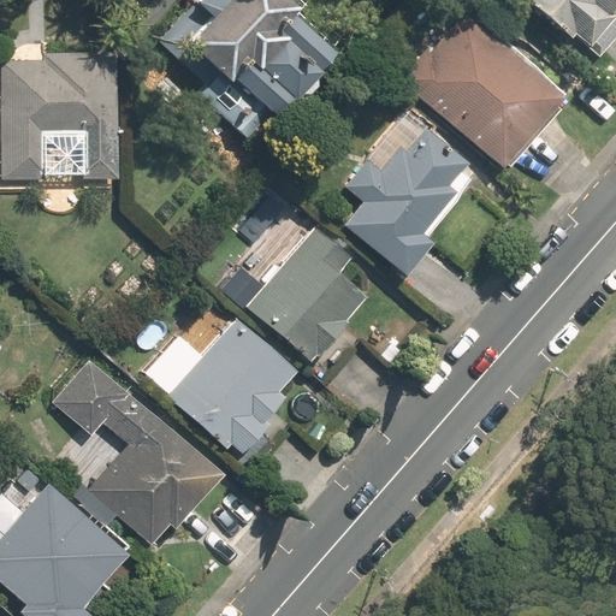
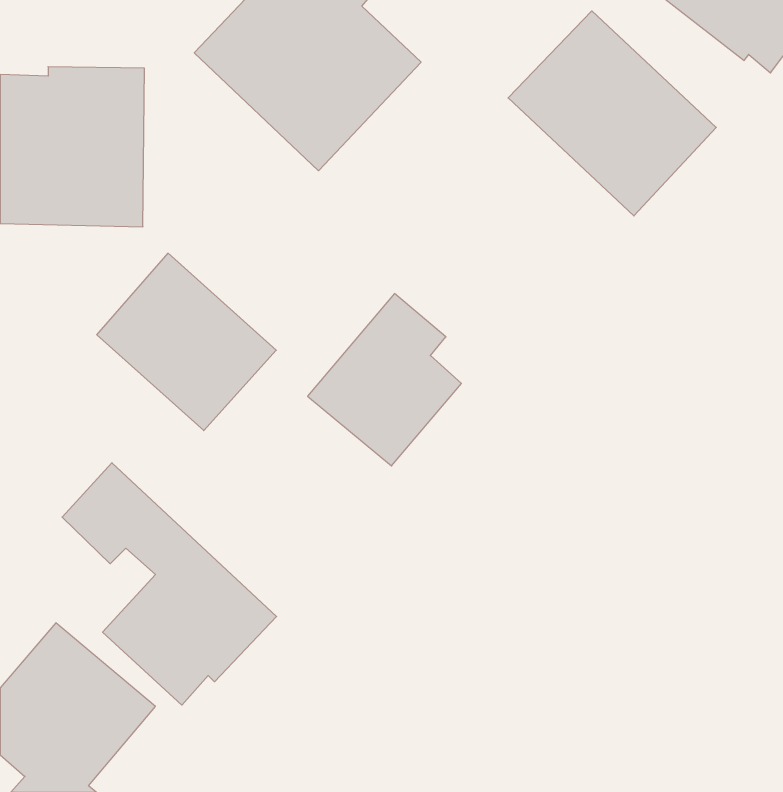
building: [344,112,478,276] -> none
building: none -> [97,253,276,431]
building: [168,316,296,452] -> none

